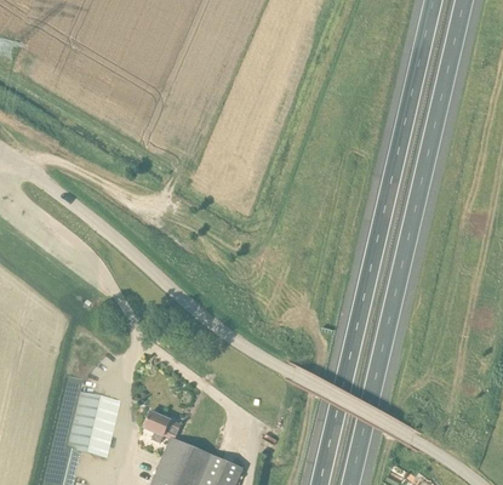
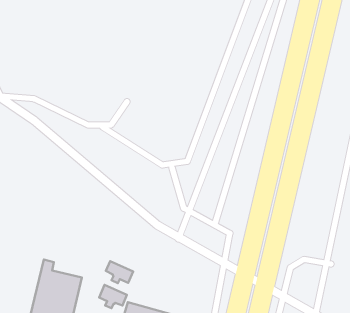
building: none -> [106,261,133,283]

